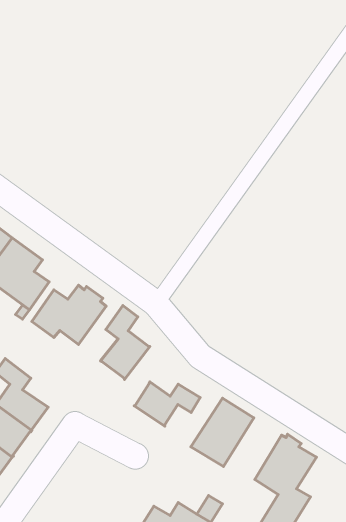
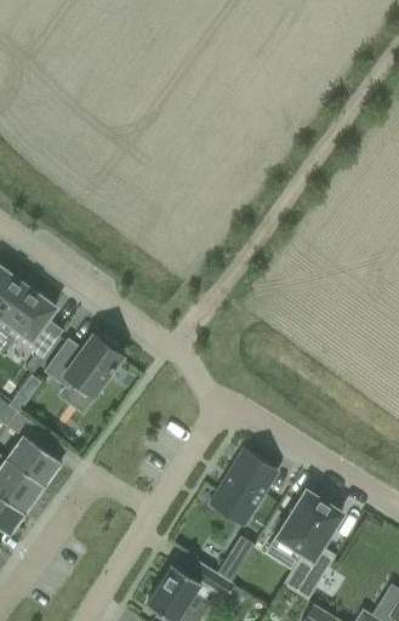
building: [100,306,150,379] -> none
building: [134,382,200,426] -> none

